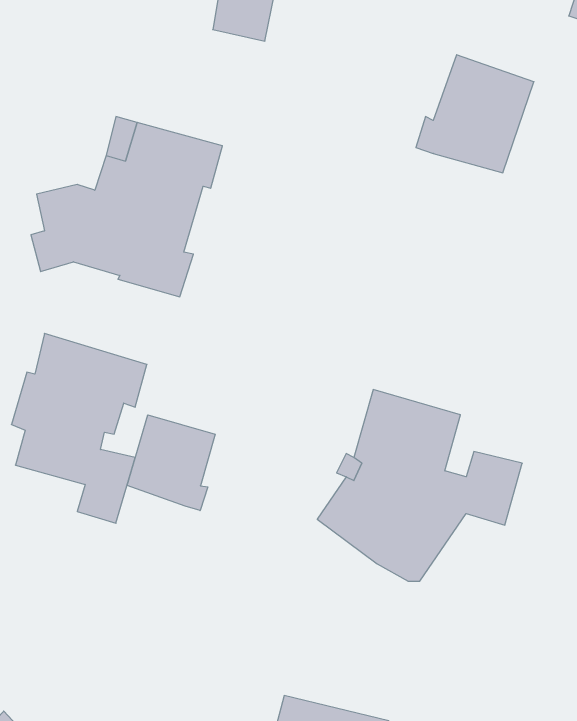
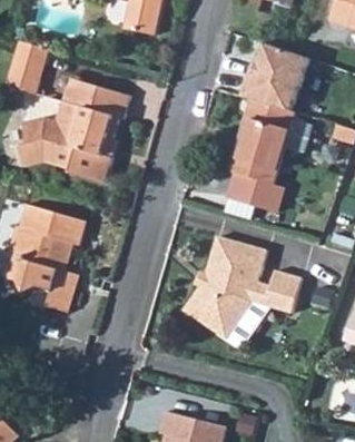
building: none -> [8,40,48,95]
building: none -> [228,99,294,212]
building: [127,415,215,511] -> none

